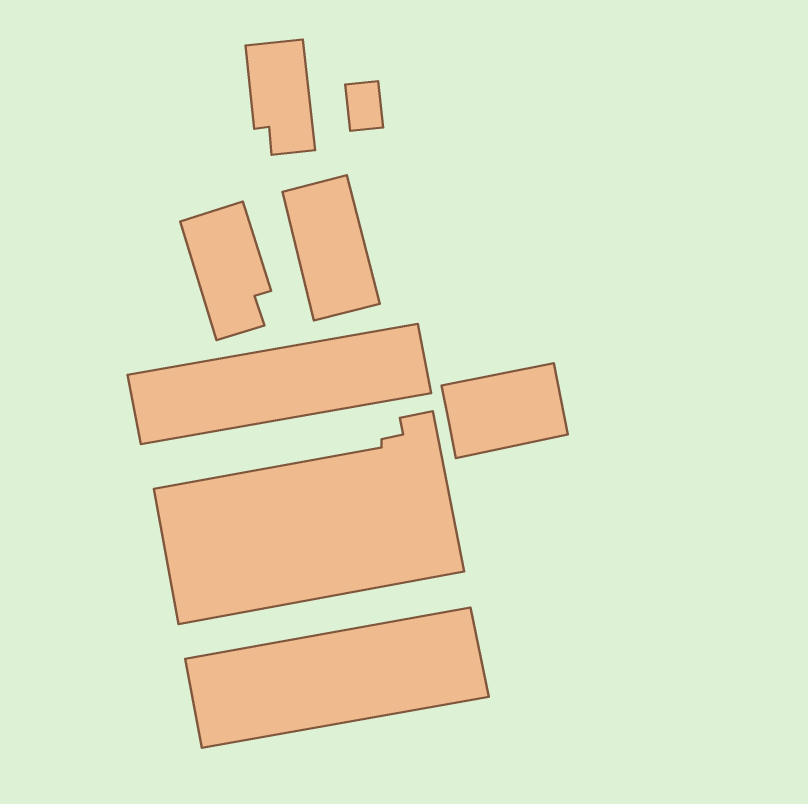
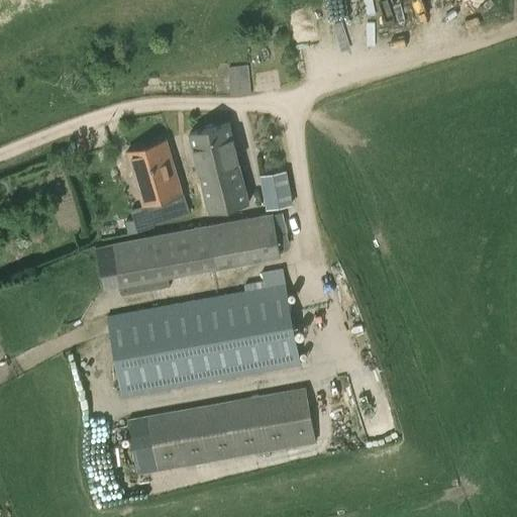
building: [246,40,315,155] -> none
building: none -> [258,172,292,210]
building: [441,363,568,458] -> none

